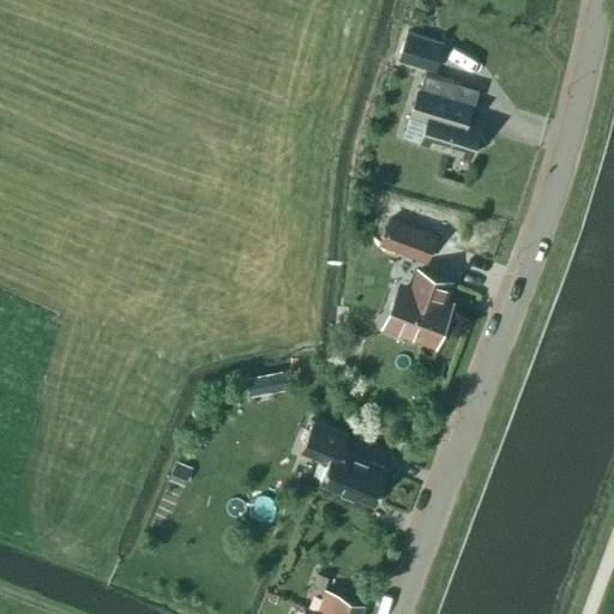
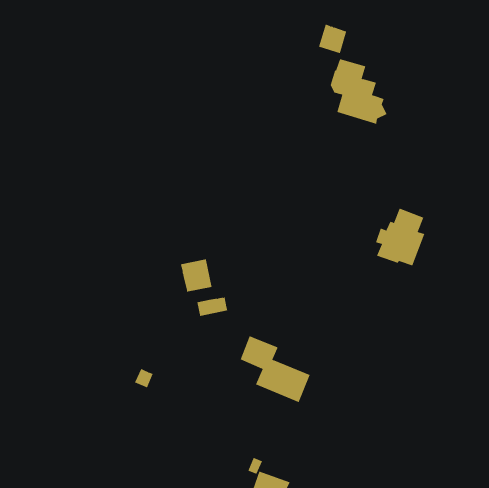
building: [379,217,438,264] -> none
building: [390,272,452,345] -> [375,208,425,266]
building: none -> [180,259,212,293]

